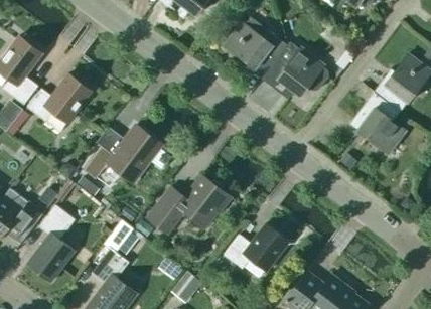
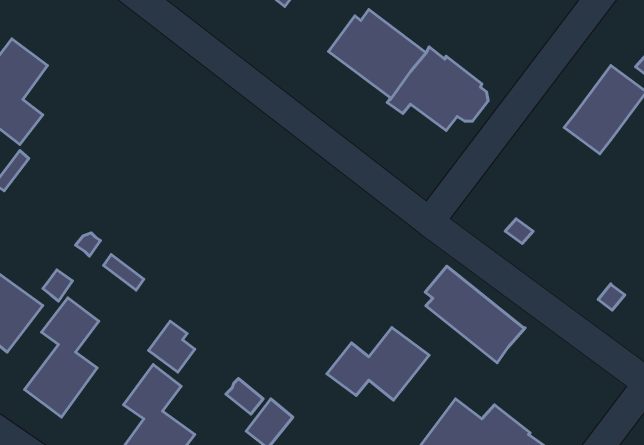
building: [26,73,91,132] -> none
building: [349,92,405,153] -> none
building: [84,125,161,182] -> none
building: [146,174,231,234] -> none
building: none -> [425,266,525,363]

